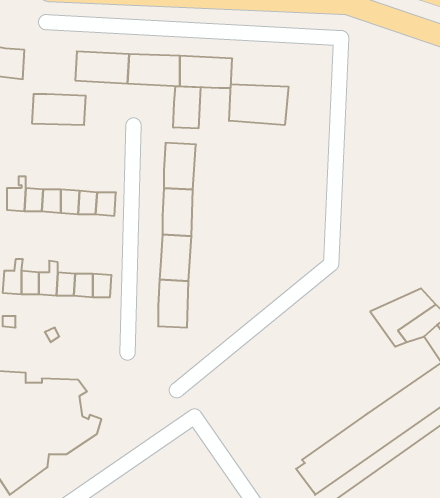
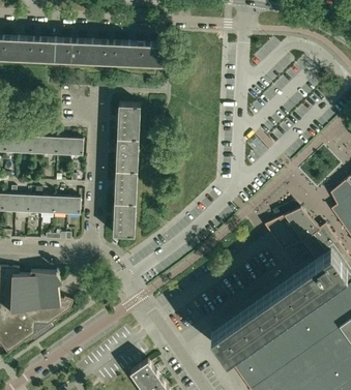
building: [229,84,288,125] -> none
building: [173,86,201,128] -> none
building: [32,94,86,125] -> [17,39,55,61]

